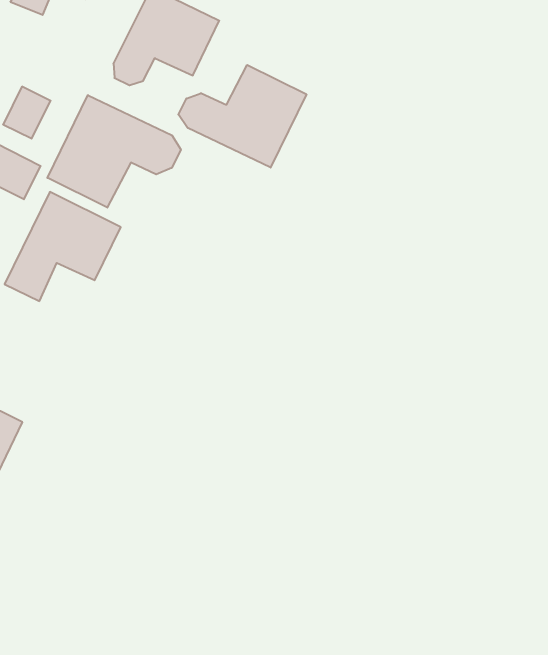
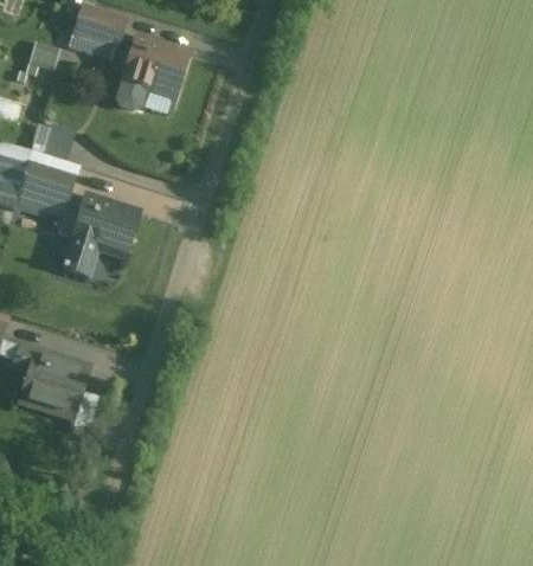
building: [178,65,306,168] -> none
building: [47,95,181,208] -> none

